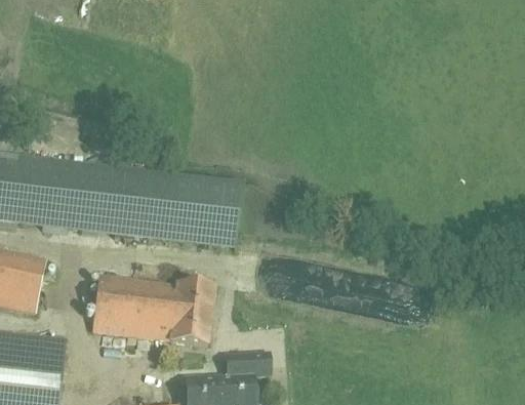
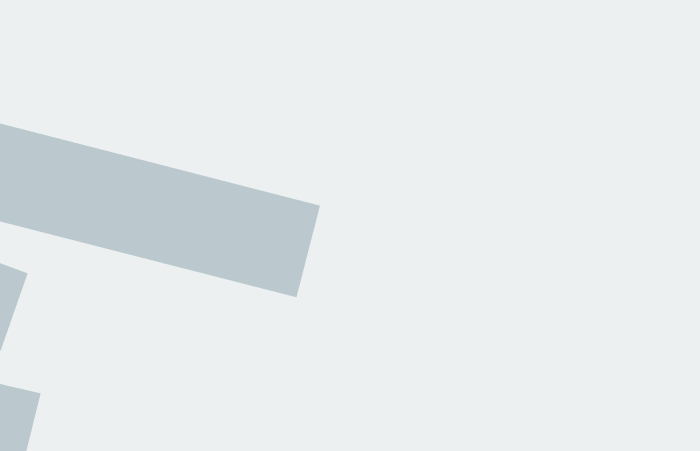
building: [93,274,214,343] -> none

